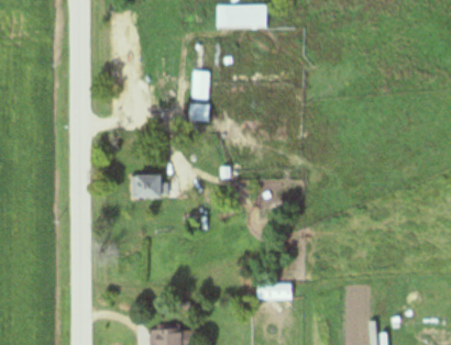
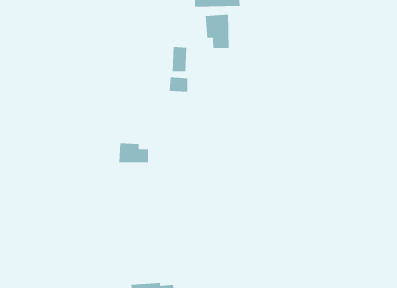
building: none -> [205,14,229,49]
building: [257,280,292,299] -> none

